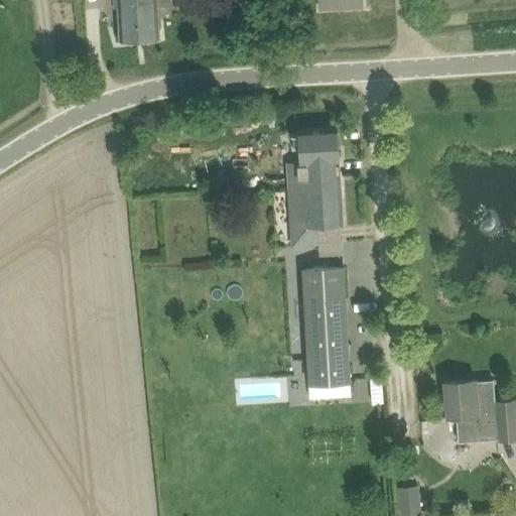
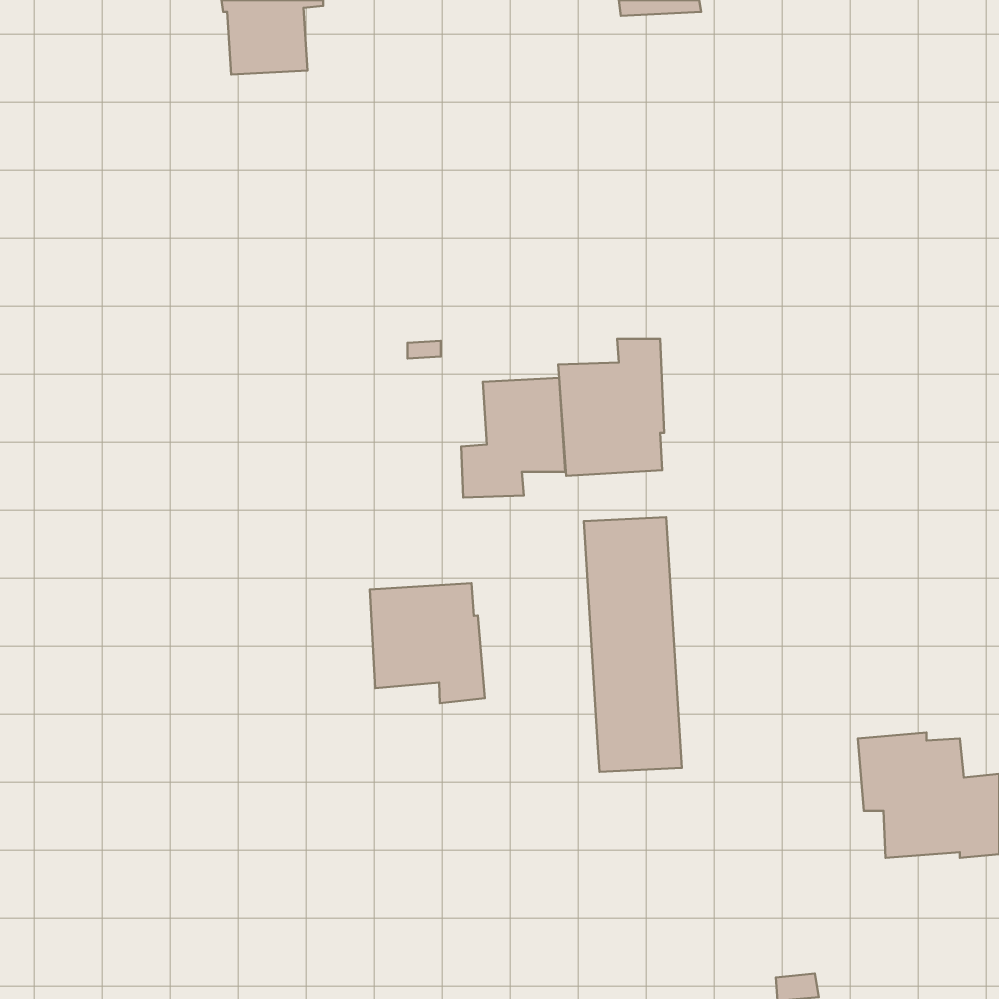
building: [286,127,340,188] -> [461,378,565,497]
building: none -> [370,583,485,703]

